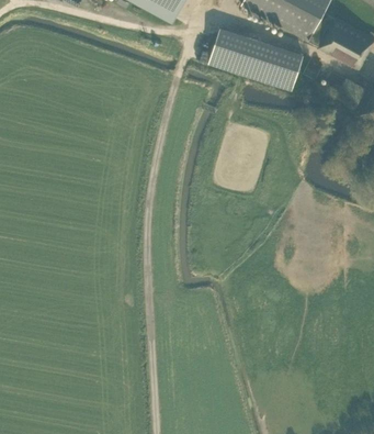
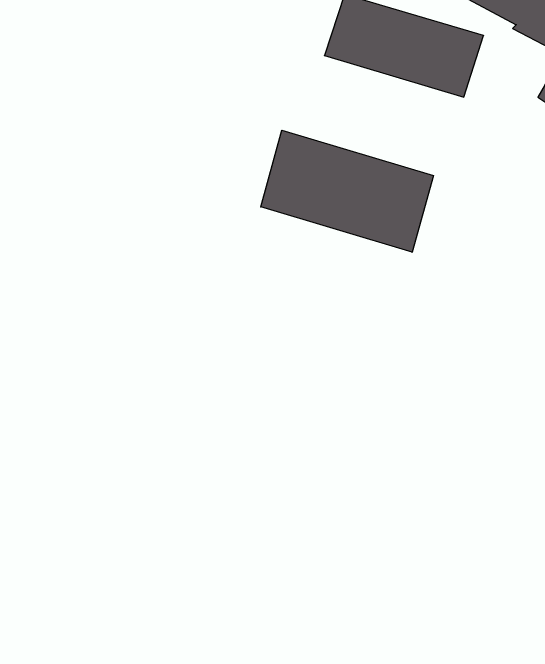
building: none -> [261,130,433,252]

